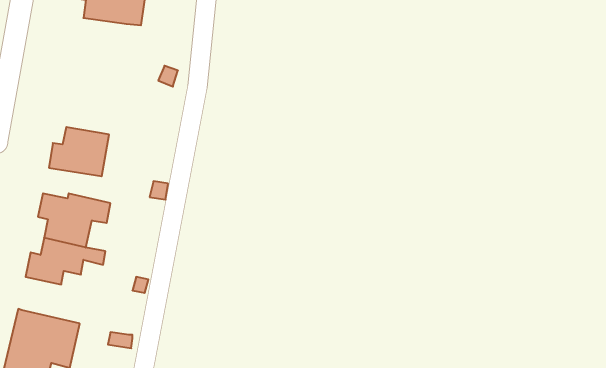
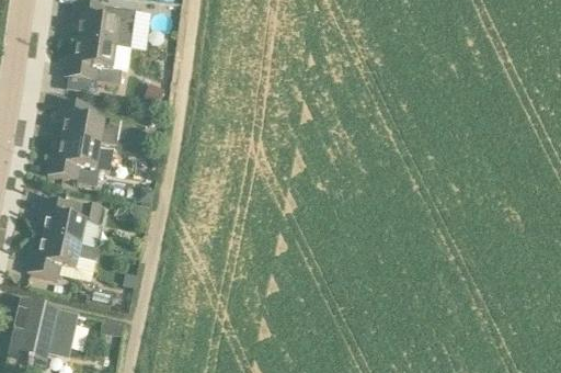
building: none -> [64,39,122,83]
building: none -> [56,99,119,144]

